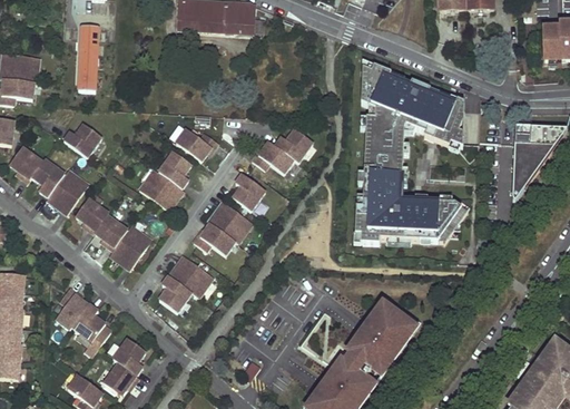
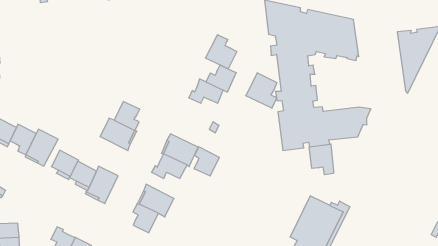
building: [76,23,97,89] -> none
building: none -> [205,35,237,69]
building: [62,121,100,155] -> none
building: [177,128,219,160] -> none
building: none -> [246,73,277,108]
building: [234,173,266,210] -> [194,147,219,176]
building: none -> [309,144,334,175]

